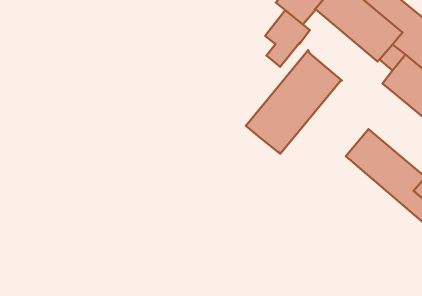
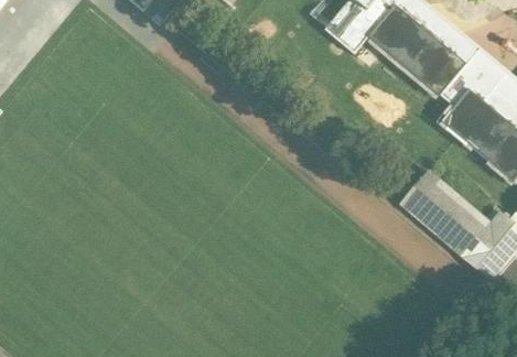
building: [265,10,310,67] -> none
building: [246,50,342,154] -> none

